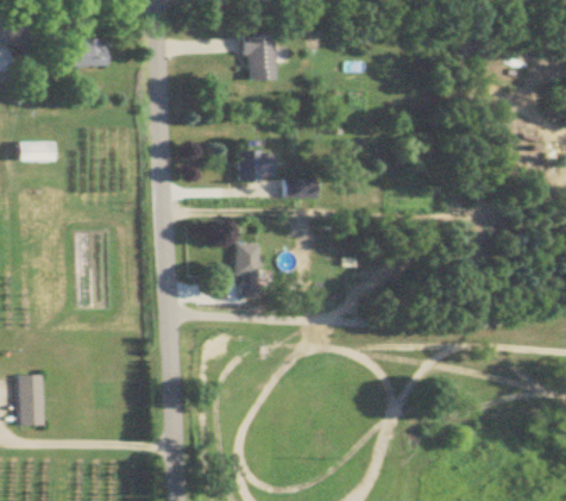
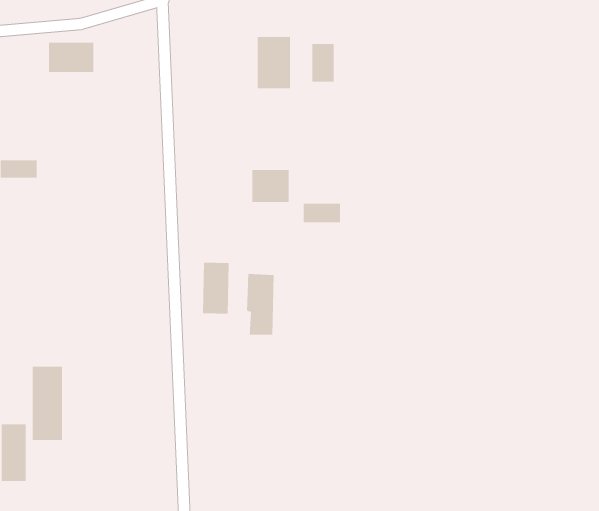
building: none -> [312,43,335,82]
building: none -> [202,262,230,314]
building: none -> [32,366,63,441]

